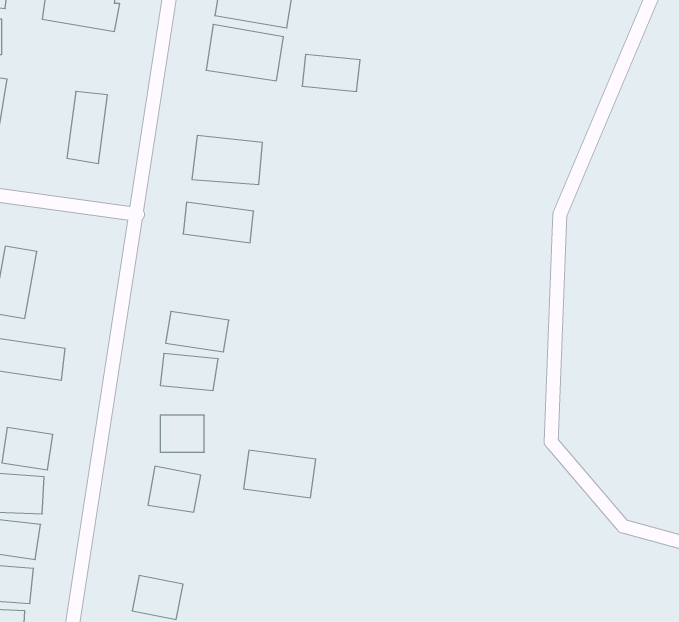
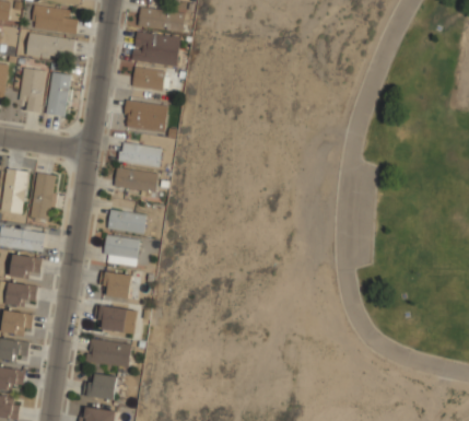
building: none -> [26,32,75,60]
building: [302,54,360,91] -> [132,67,168,90]
building: none -> [19,67,47,113]
building: none -> [115,168,164,192]
building: none -> [31,173,56,220]
building: none -> [10,254,42,279]
building: [244,450,316,498] -> [86,339,131,369]

